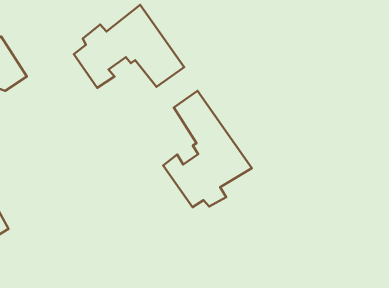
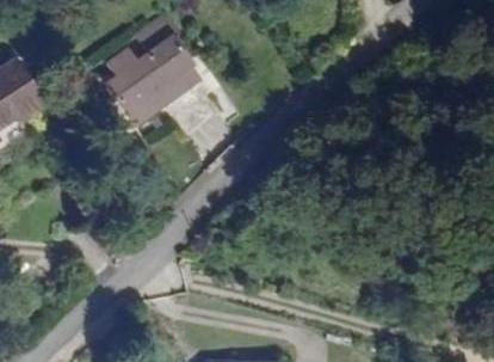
building: [163,91,252,207] -> none

